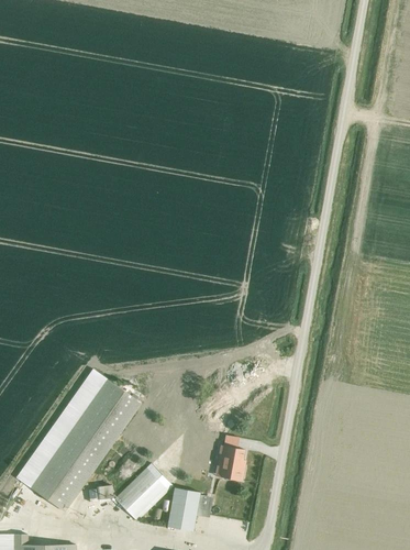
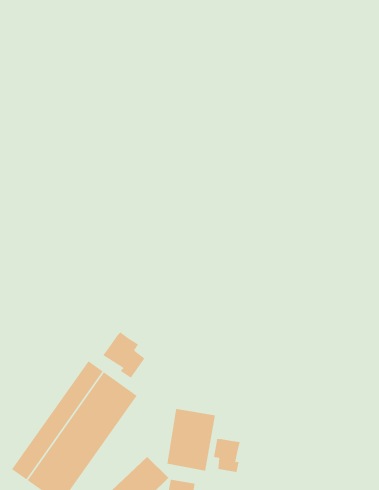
building: none -> [102,332,145,378]
building: none -> [167,408,215,471]

